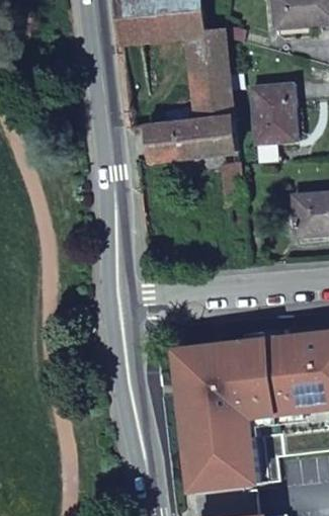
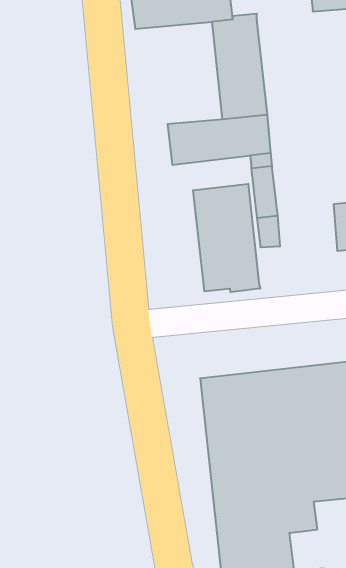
building: [251,83,298,143] -> none
building: none -> [193,184,260,292]

